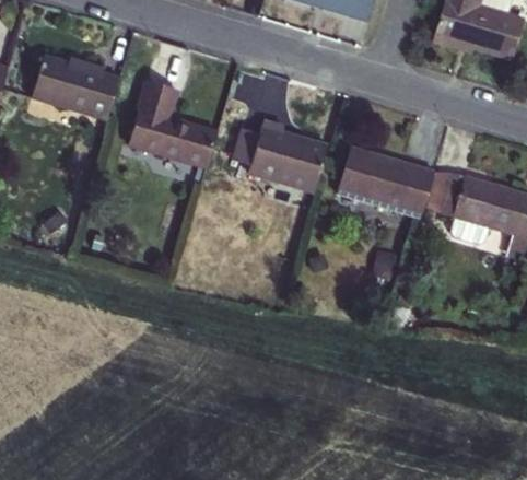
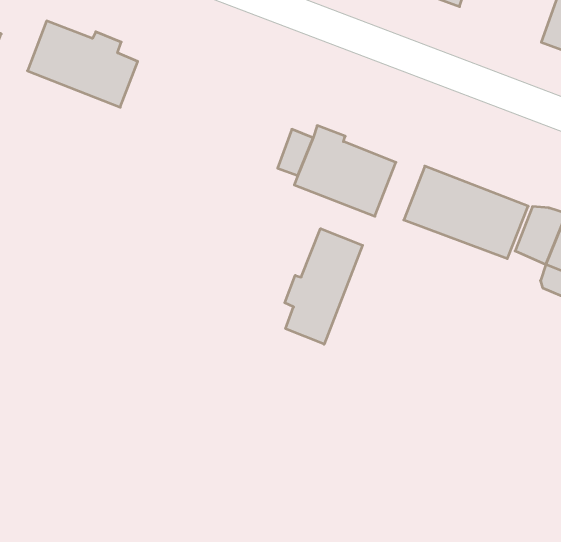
building: [128,83,216,168] -> none
building: none -> [285,229,363,344]

